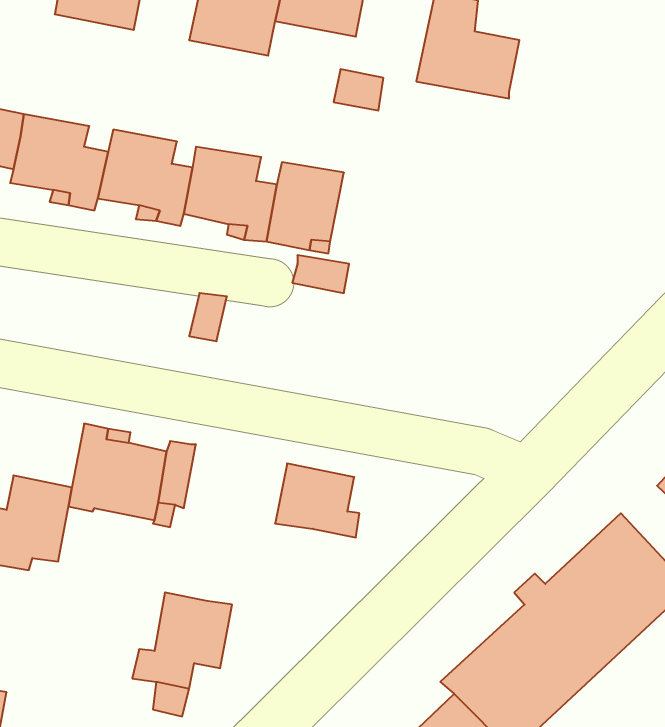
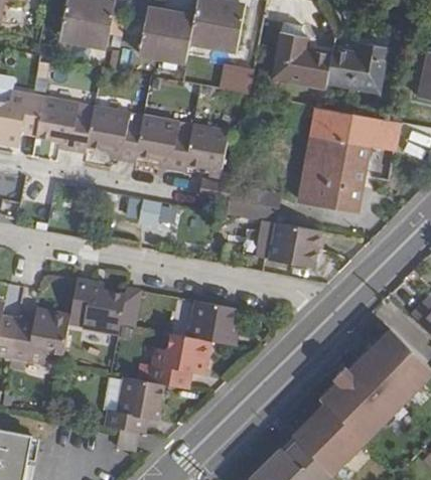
building: none -> [325,44,386,92]
building: none -> [299,107,399,210]
building: none -> [260,219,320,267]
building: none -> [149,332,210,387]

